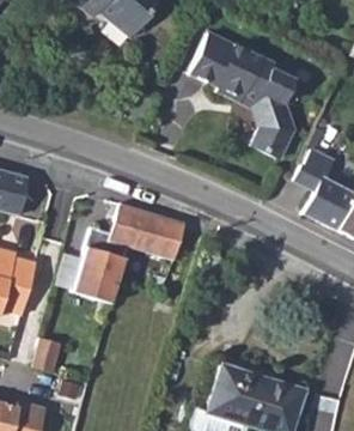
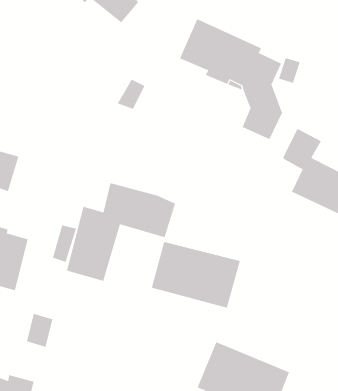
building: none -> [151,241,241,309]

